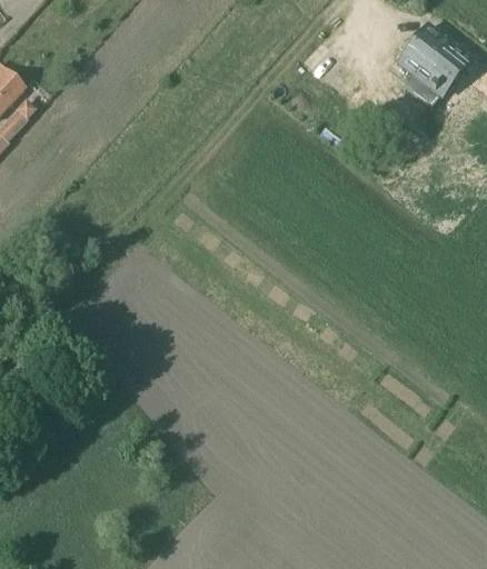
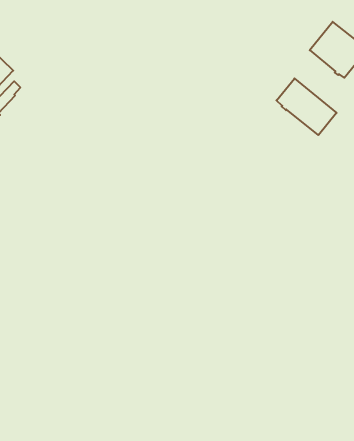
building: none -> [276,78,337,135]

